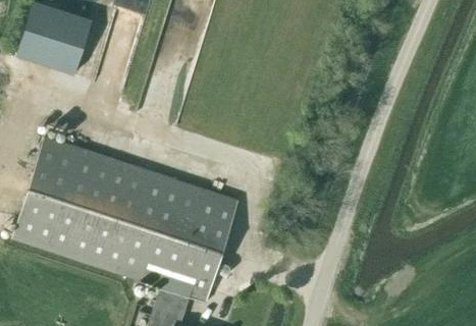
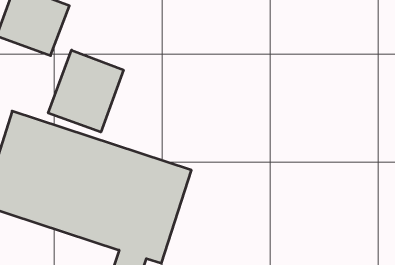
building: none -> [48,50,123,132]

